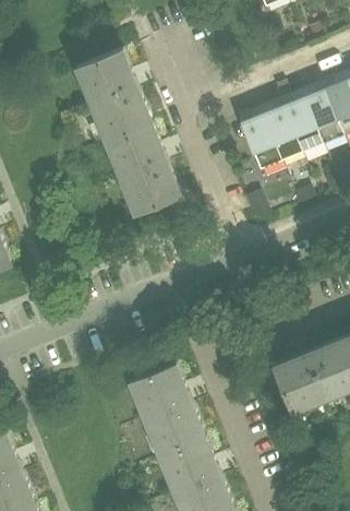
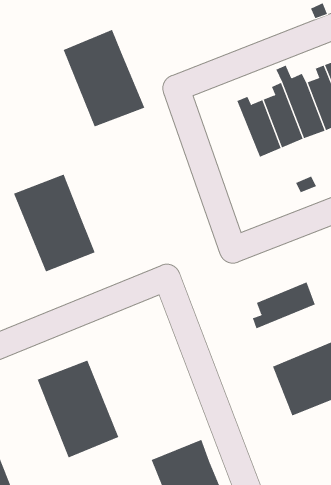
building: [104,123,181,216] -> [13,174,95,272]
building: none -> [252,282,316,329]
building: [128,364,205,456] -> [37,360,119,458]

